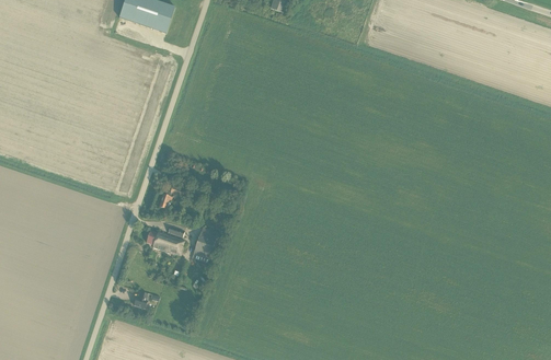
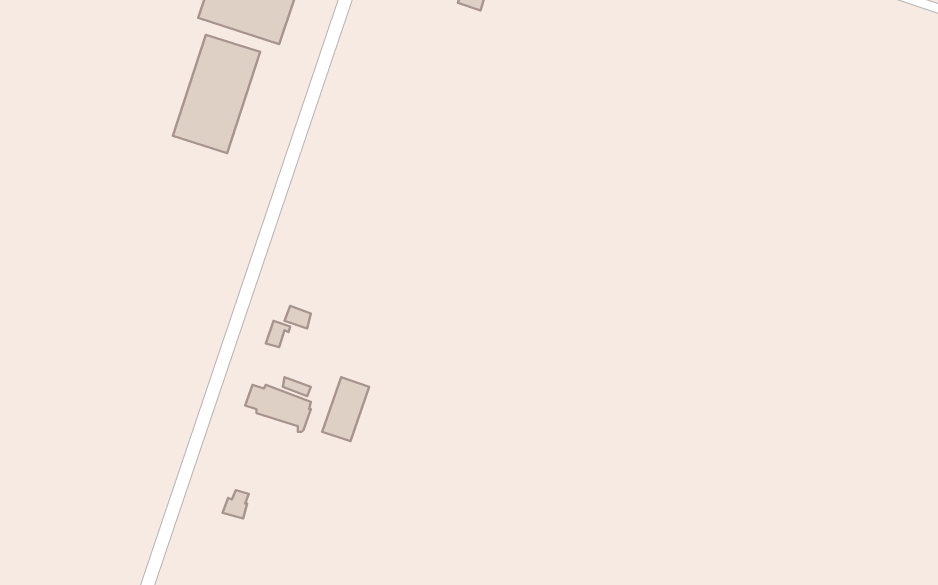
building: none -> [173,35,260,153]

